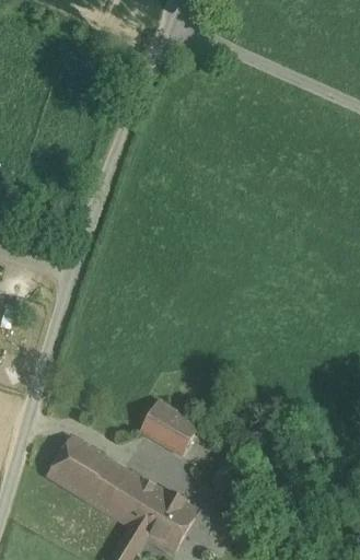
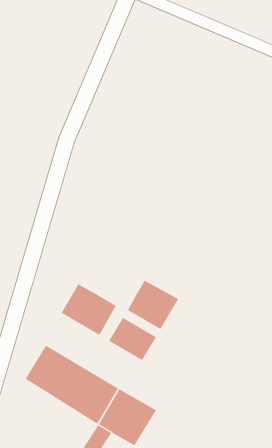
building: none -> [127,280,179,330]
building: none -> [61,283,116,336]

